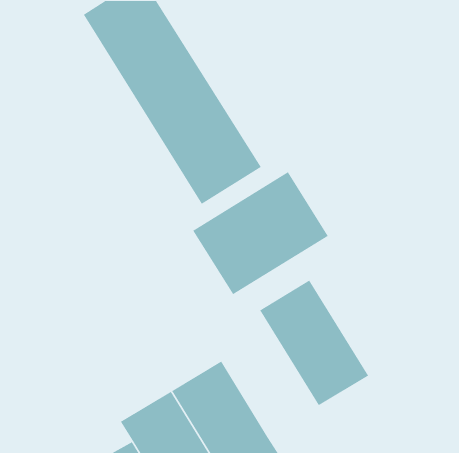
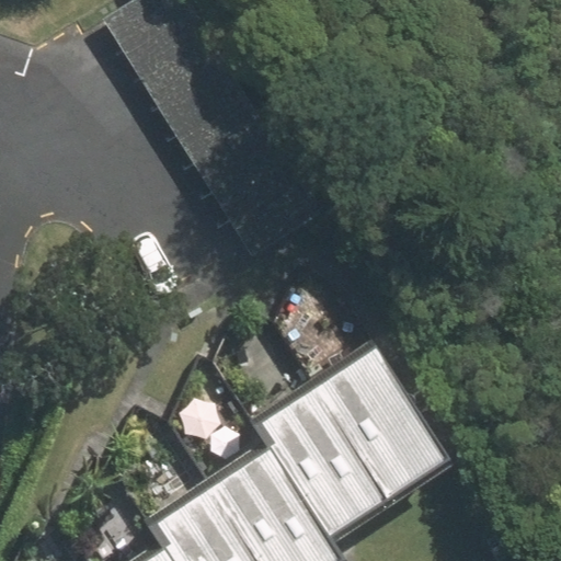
building: [192,171,329,295] -> none
building: none -> [255,386,389,540]

